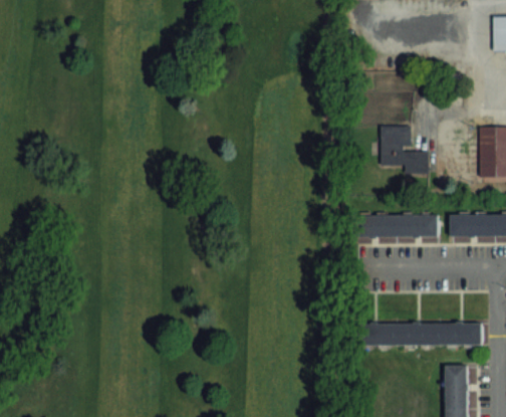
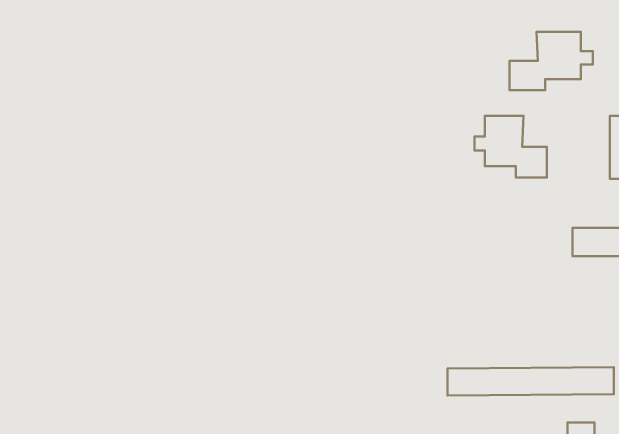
building: none -> [510,32,593,90]
building: [351,216,439,238] -> none

